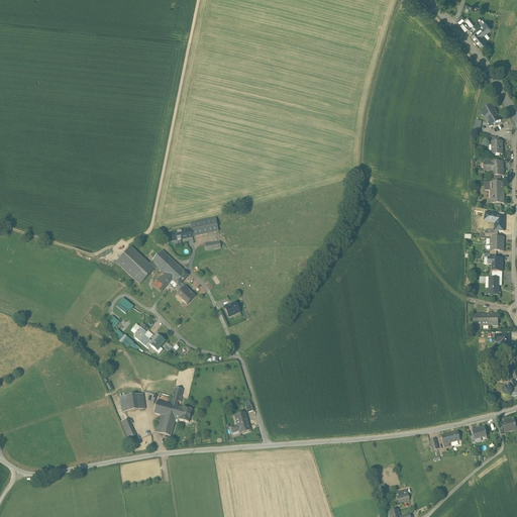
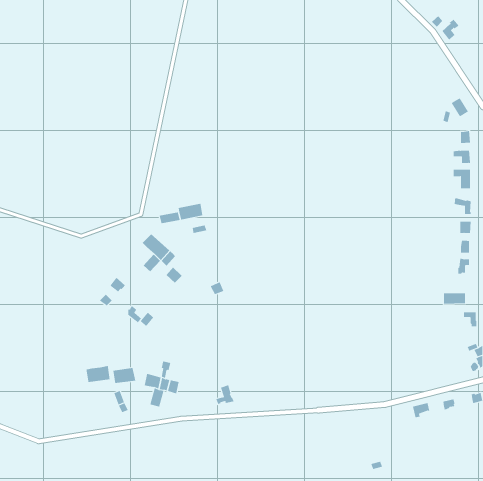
building: [116,245,157,283] -> none
building: none -> [86,365,110,383]

